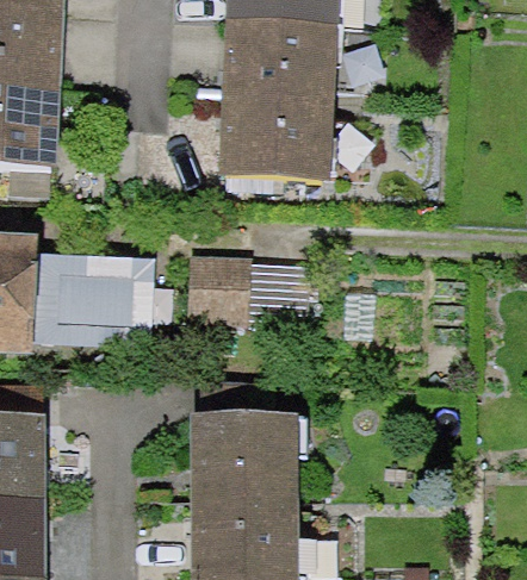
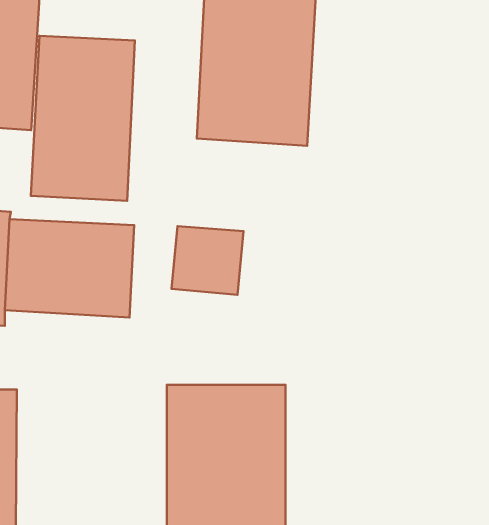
building: none -> [31,36,135,201]

